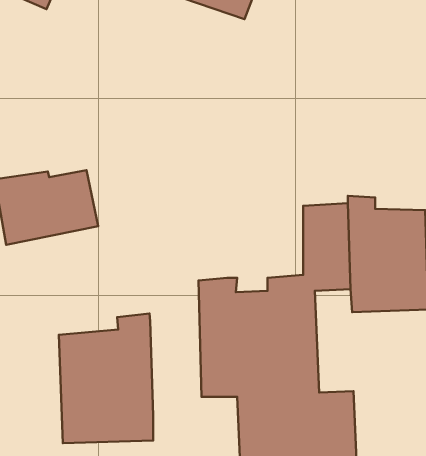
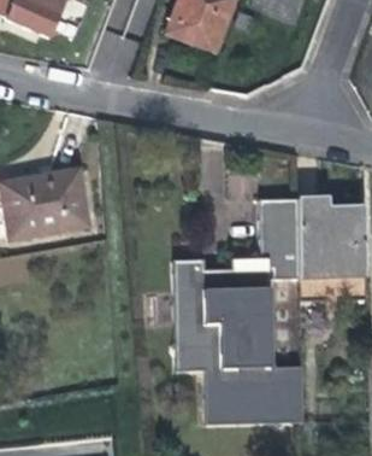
building: [59,313,153,443] -> none

